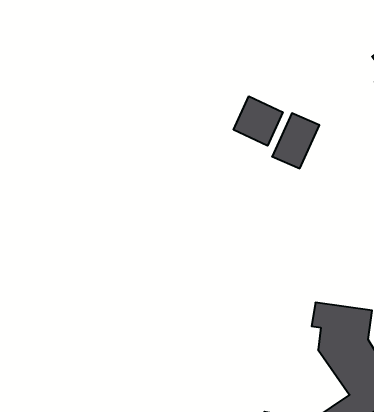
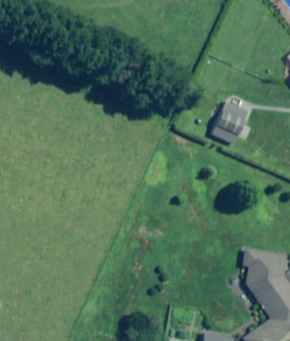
building: [234,96,283,146] -> none

